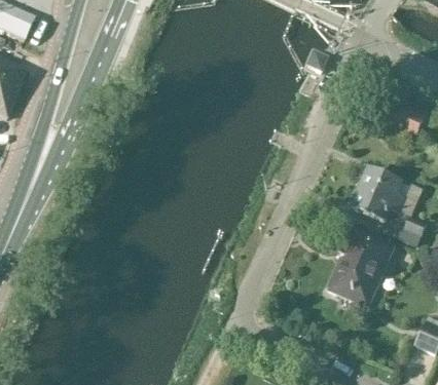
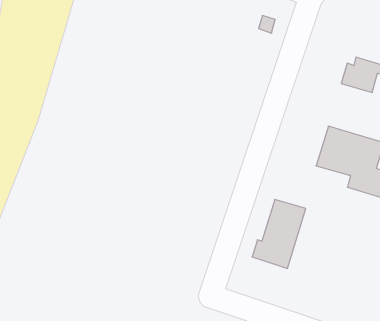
building: [329,233,388,303] -> [252,200,306,268]

